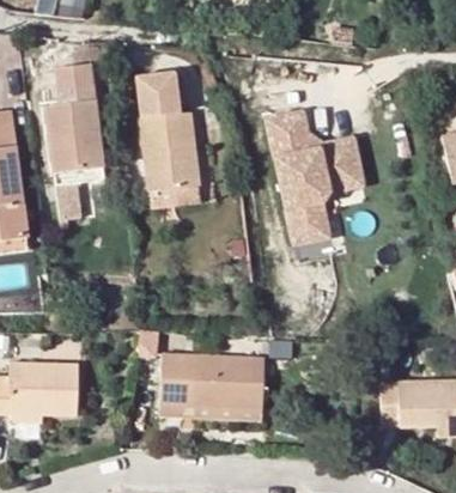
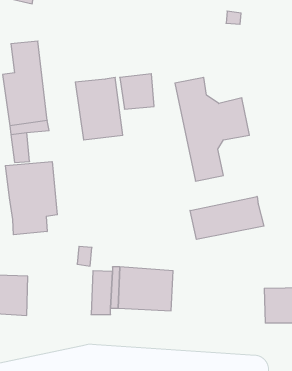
building: [132,71,176,116] -> [120,74,154,109]
building: none -> [5,162,57,235]
building: none -> [190,196,264,239]

